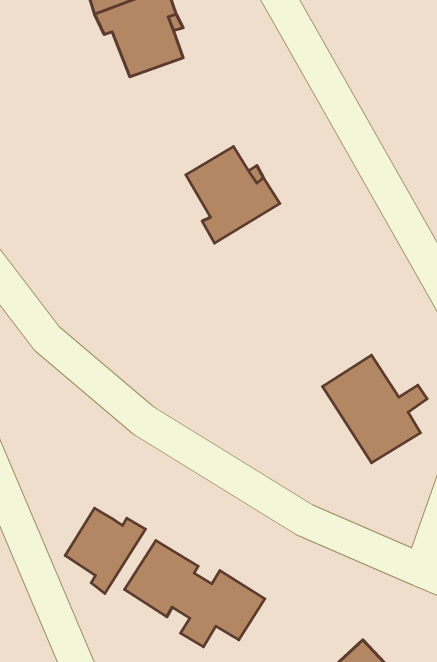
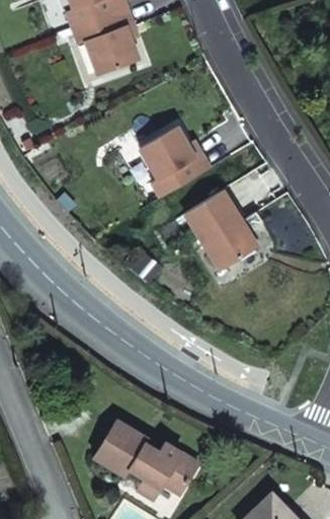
building: [322,355,427,463] -> [184,190,262,270]
building: [65,508,146,593] -> none

